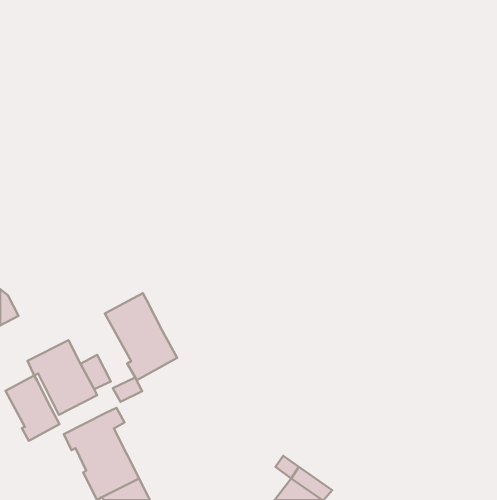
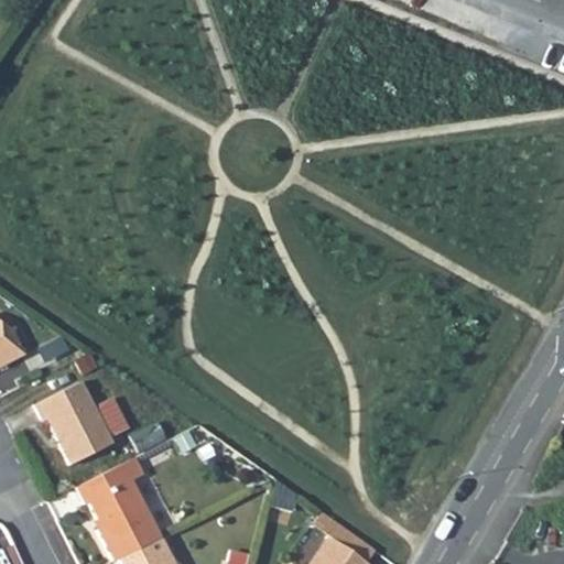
building: [105,293,177,380] -> none
building: [5,375,60,441] -> none

